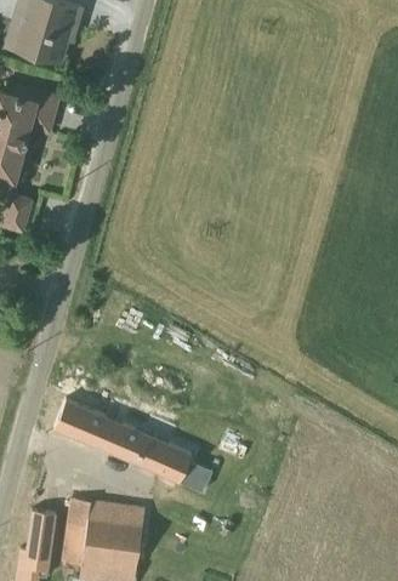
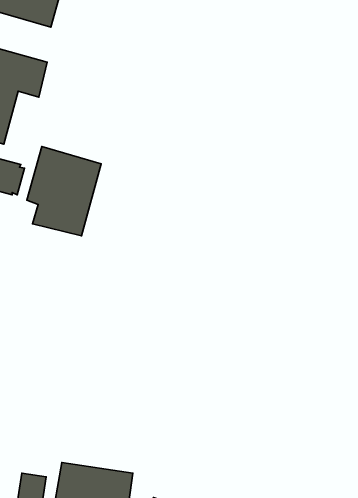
building: none -> [27,147,101,236]
building: [56,399,193,482] -> none

